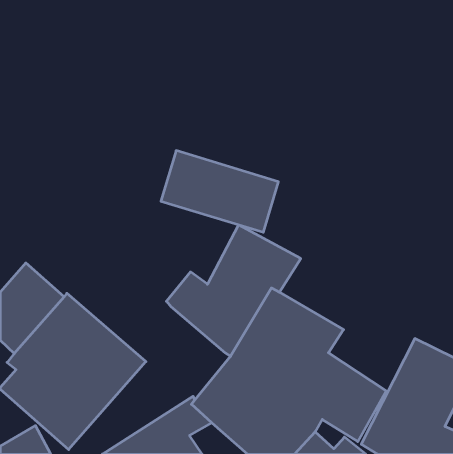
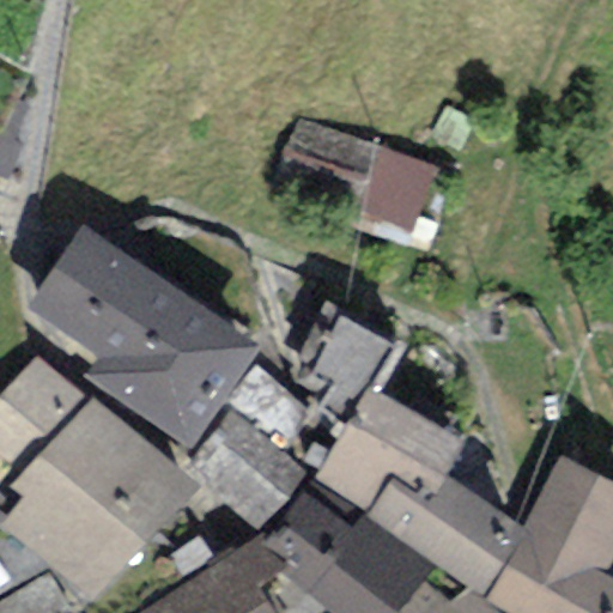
building: [161,151,278,232] -> [275,114,433,224]
building: none -> [24,225,260,449]
building: none -> [187,413,305,528]

